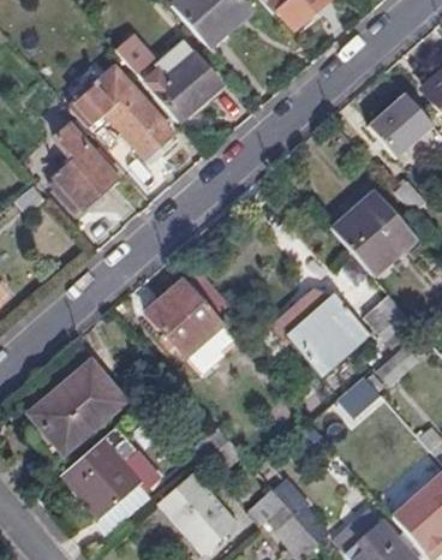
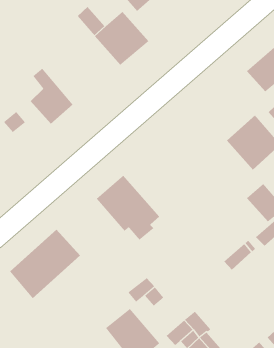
building: [70,67,174,163] -> none
building: [269,282,369,375] -> none
building: [64,424,162,514] -> none

